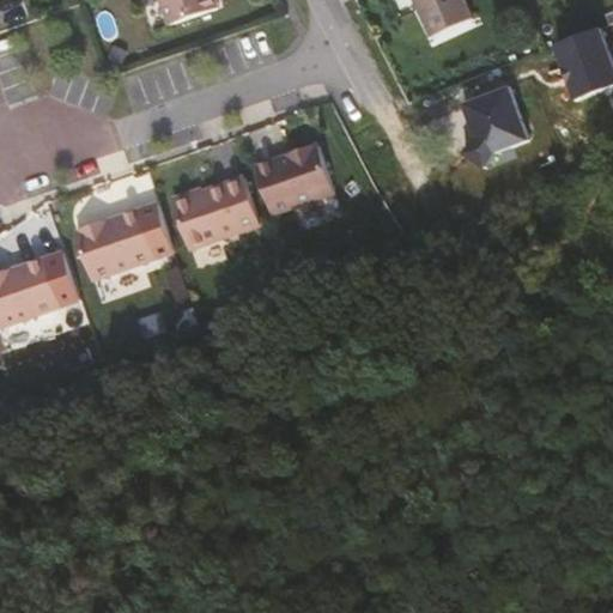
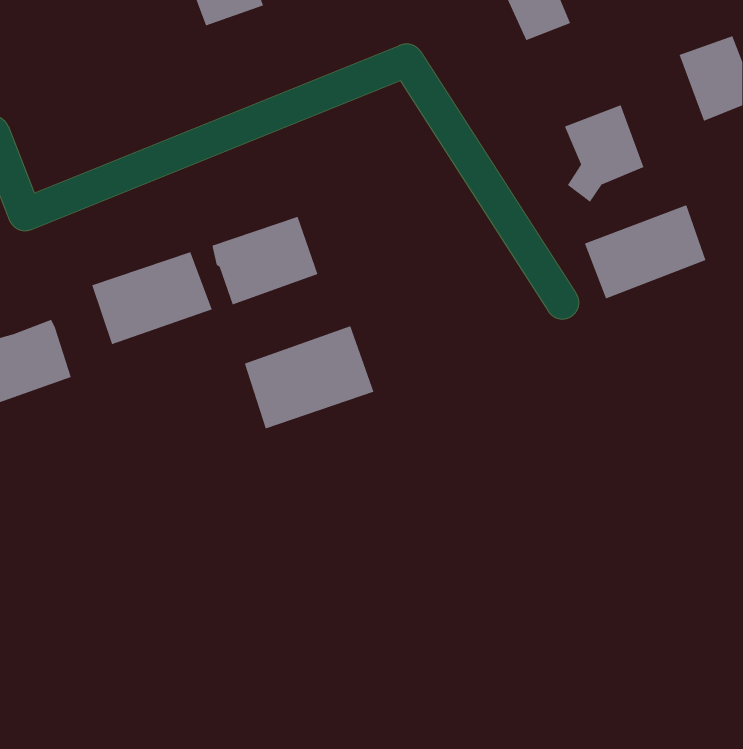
building: [253,142,332,212] -> none
building: none -> [584,204,706,300]
building: none -> [244,325,374,430]

